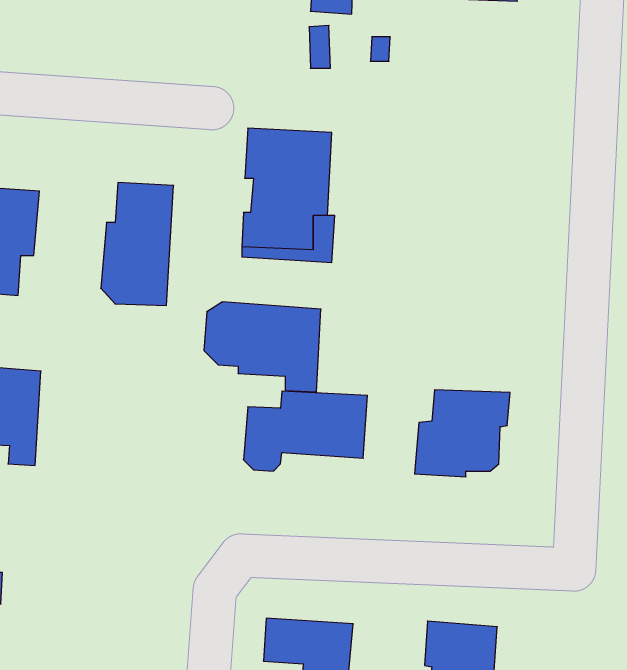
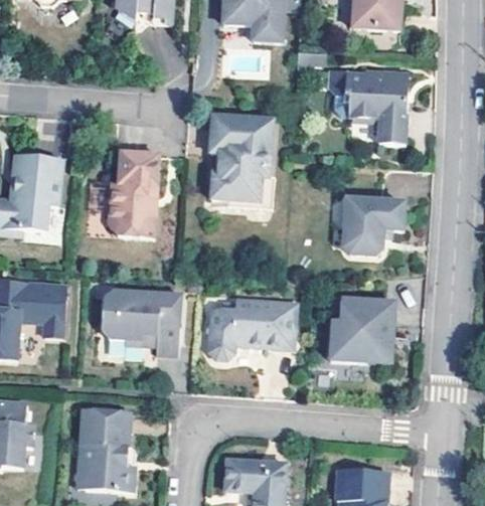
building: none -> [326,65,408,140]
building: none -> [340,197,403,254]
building: [204,302,321,392] -> [99,290,181,353]
building: none -> [78,408,136,491]

